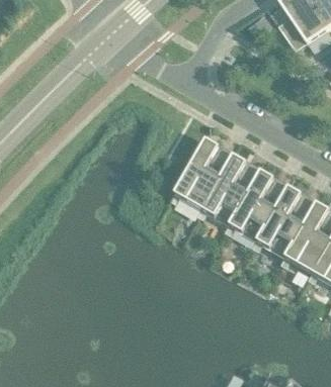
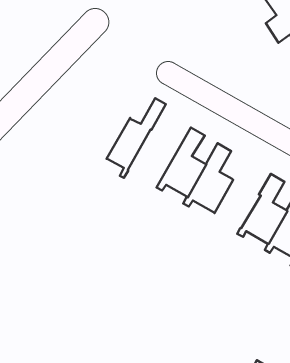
building: none -> [107,98,166,178]
building: [225,167,277,238] -> none

